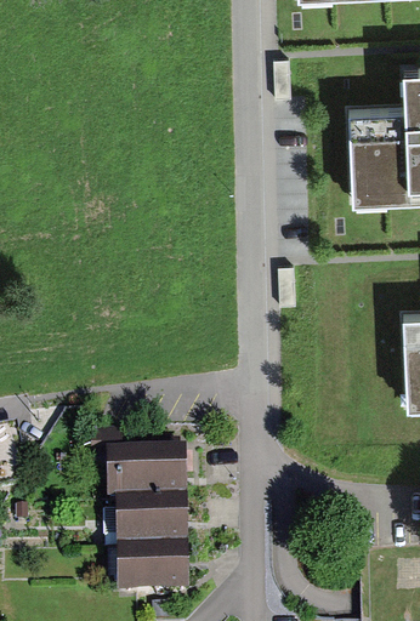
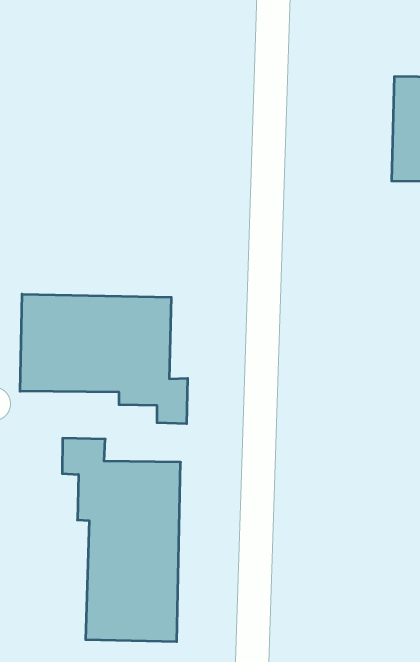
building: none -> [20,294,188,424]

